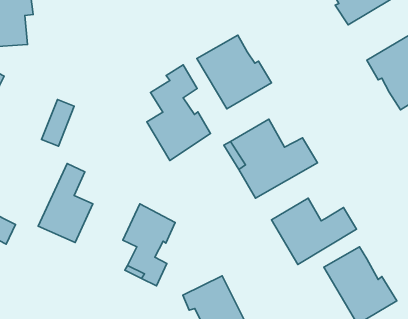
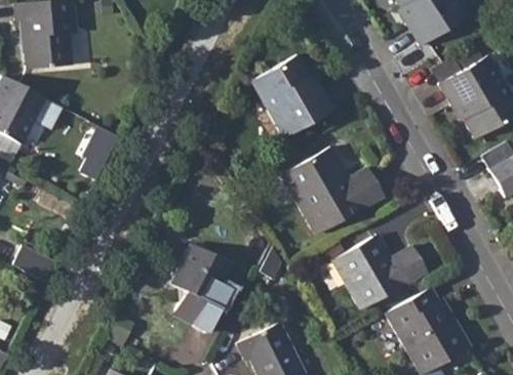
building: [147,65,210,160] -> none
building: [38,164,93,242] -> none

